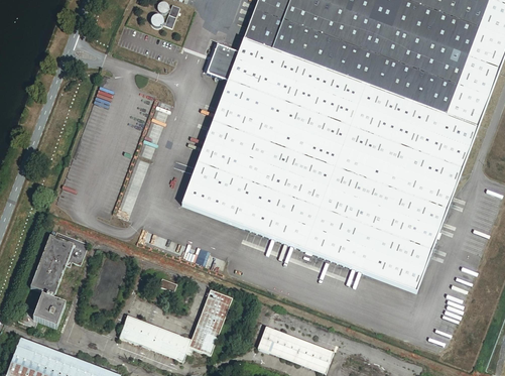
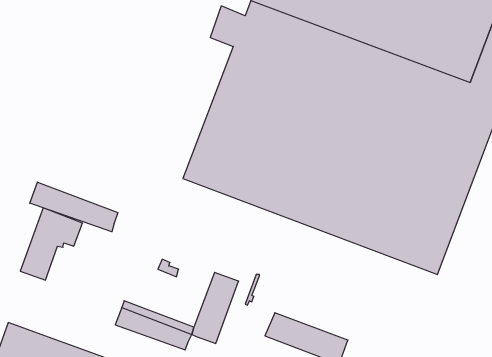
building: none -> [30,182,118,232]
building: [17,296,65,328] -> none

